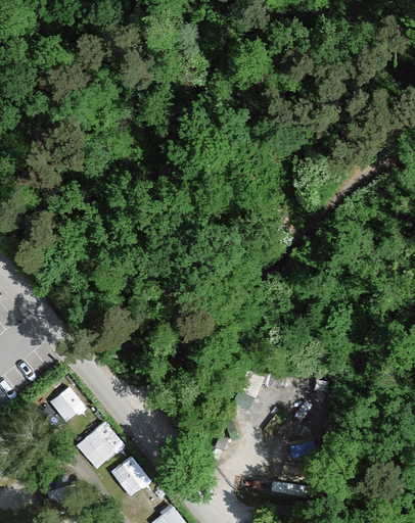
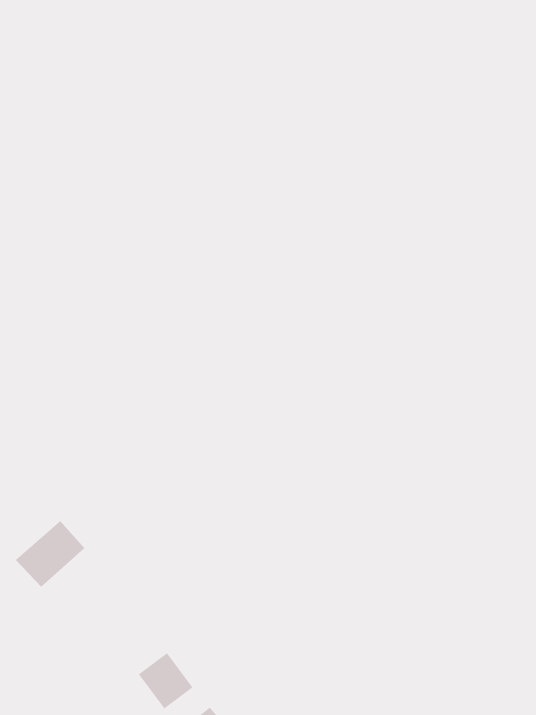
building: [75,421,123,467] -> none

